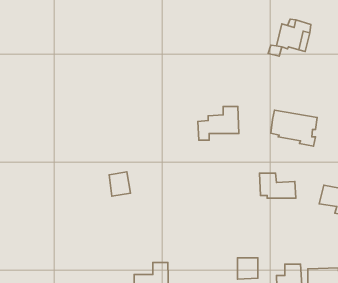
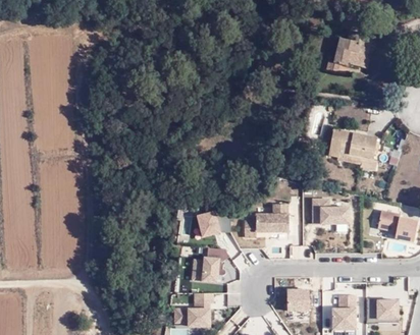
building: [198,107,239,140] -> [247,203,292,239]
building: [109,172,131,196] -> [200,211,223,237]
building: none -> [194,248,232,283]

